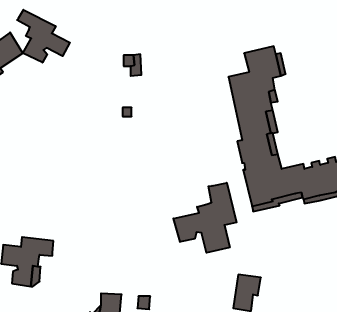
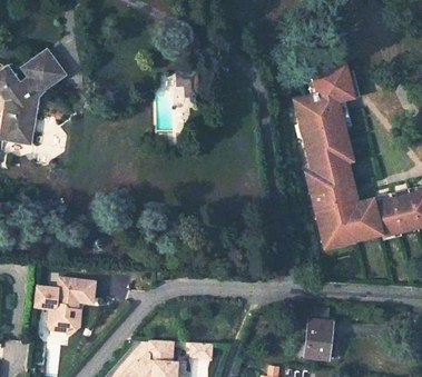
building: [17,10,70,63] -> none
building: [173,183,237,253] -> none

